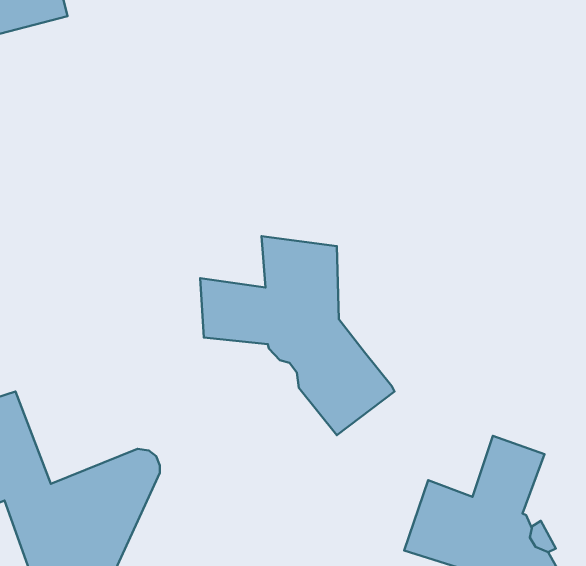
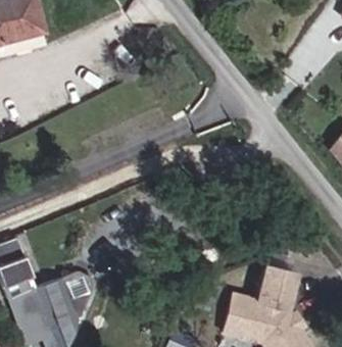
building: [200,236,394,435] -> none

